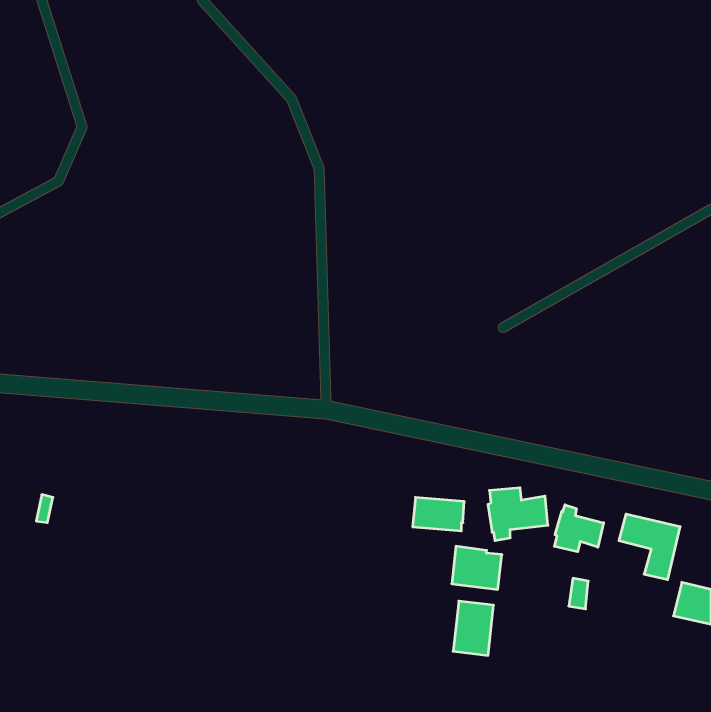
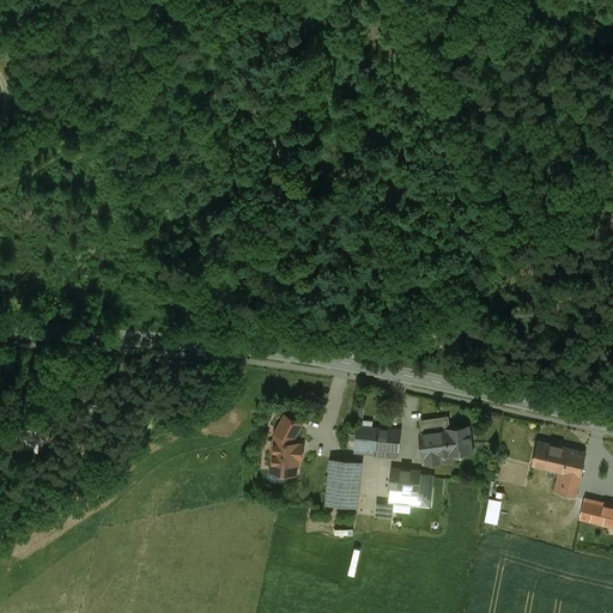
building: none -> [271,415,302,474]
building: [554,505,604,552] -> none
building: [453,601,494,655] -> [326,460,360,506]

